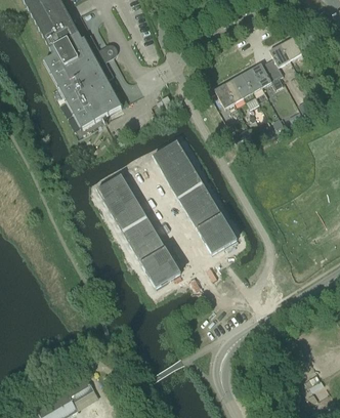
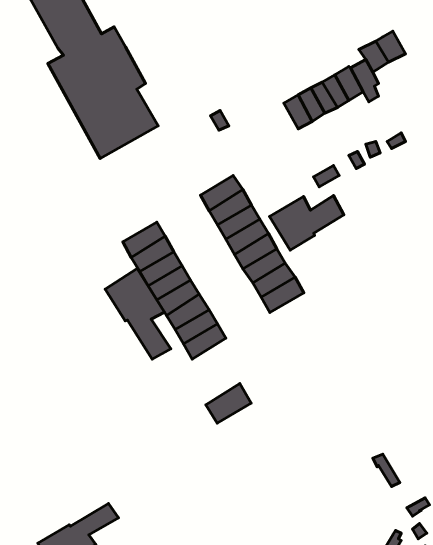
building: none -> [269,196,344,250]
building: none -> [105,269,171,359]
building: [204,226,237,254] -> none
building: [147,259,180,288] -> [206,384,251,423]

